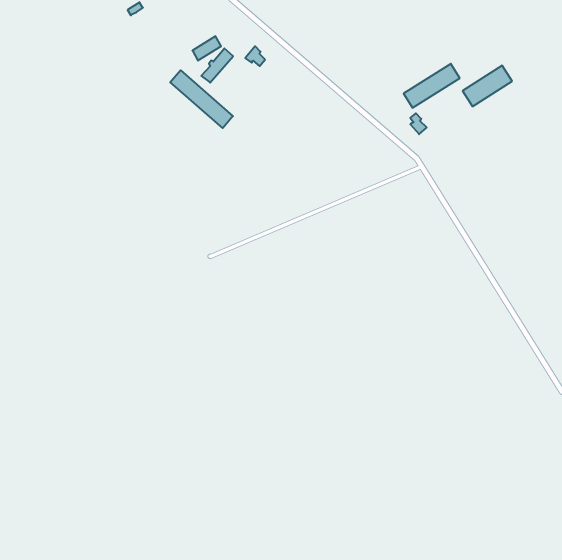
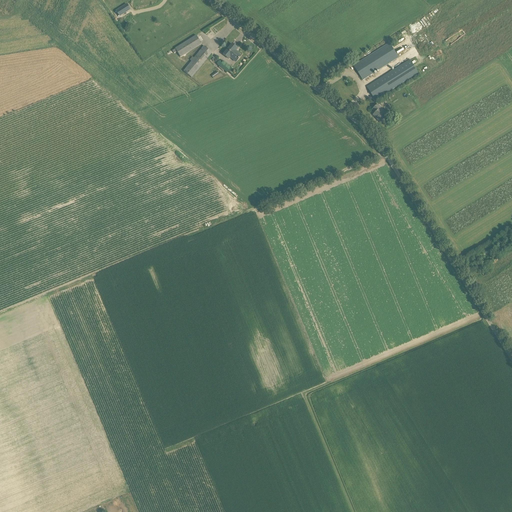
building: [463,66,512,106] -> [353,41,398,78]
building: [170,70,233,128] -> none

